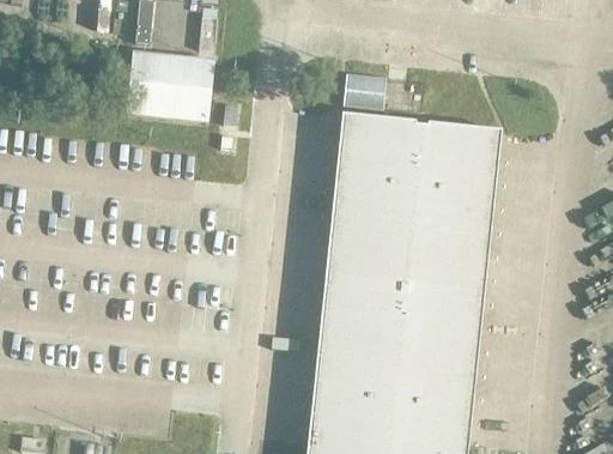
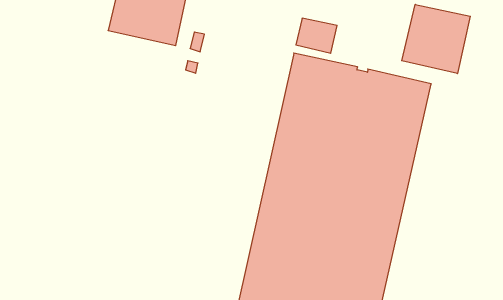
building: none -> [402,4,470,74]

